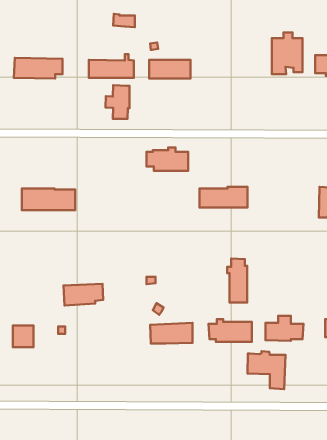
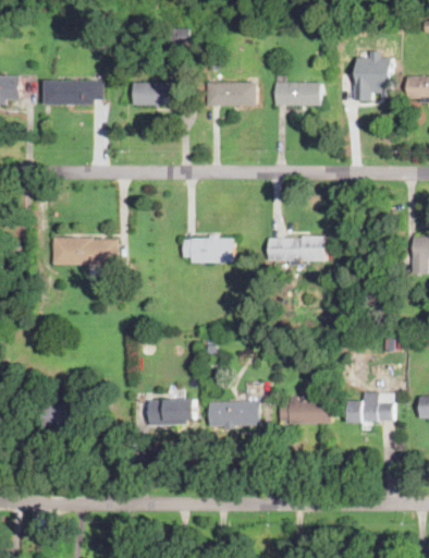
building: none -> [273,82,319,105]
building: [105,85,129,119] -> none
building: [147,147,188,171] -> [182,233,232,262]
building: [227,258,247,303] -> none
building: [64,284,103,305] -> [147,399,195,425]
building: [247,351,286,389] -> none

